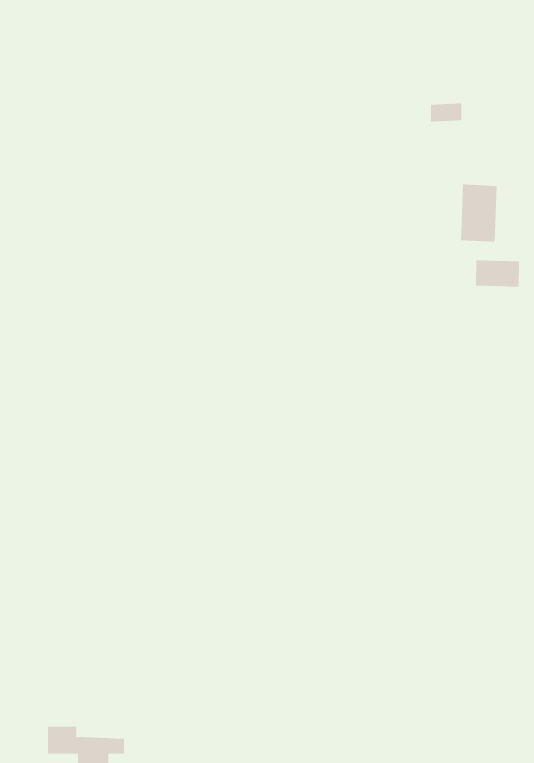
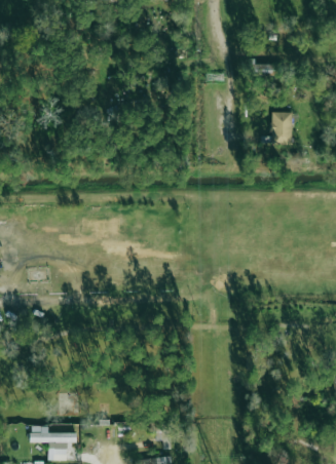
building: [475,260,519,288] -> none

